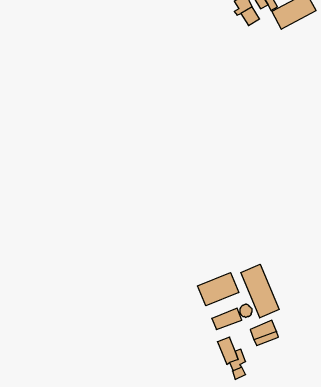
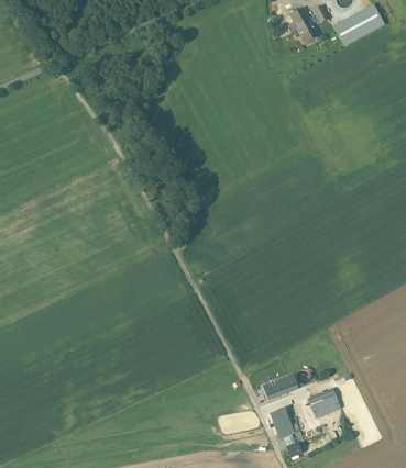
building: [241,264,279,318] -> none
building: [198,273,239,306] -> none

